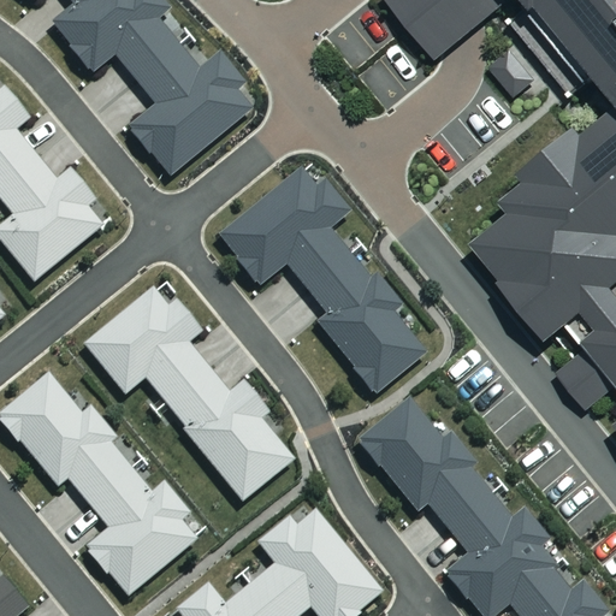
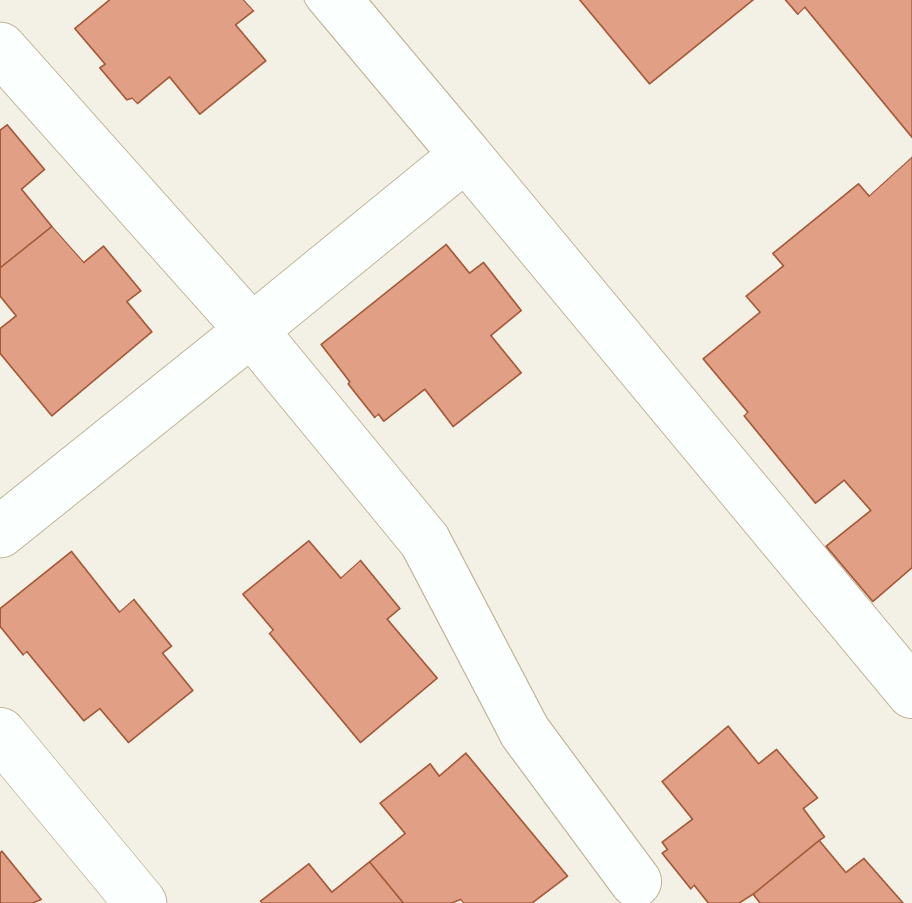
building: [129,41,253,174] -> none
building: [306,251,427,392] -> none
building: [83,286,208,401] -> none
building: [357,396,491,527] -> none
building: [85,466,197,596] -> none

